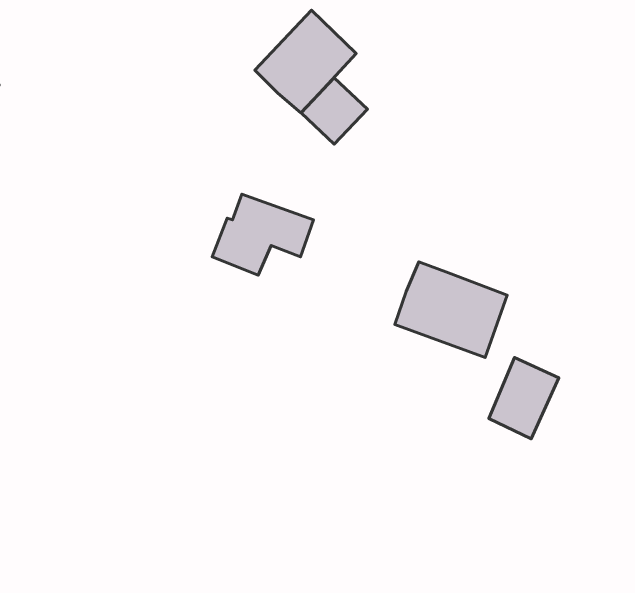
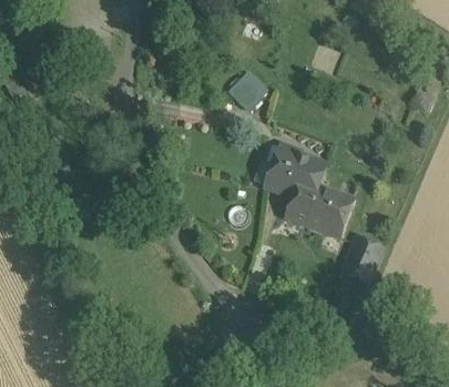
building: [255,10,356,113] -> none
building: [212,194,314,275] -> [263,149,324,197]

